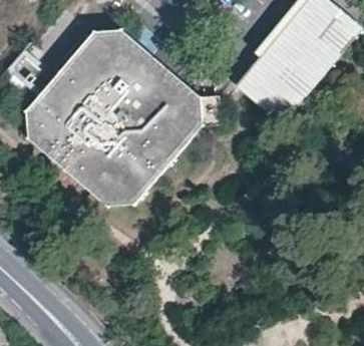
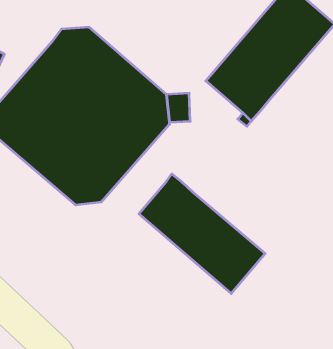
building: none -> [139,174,265,294]

